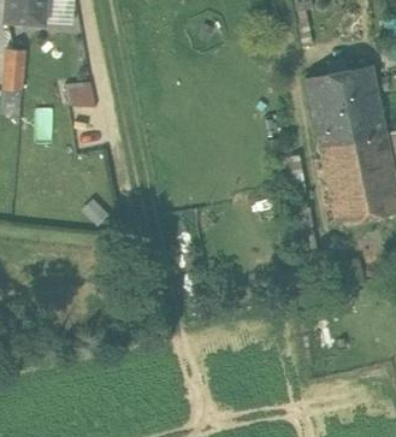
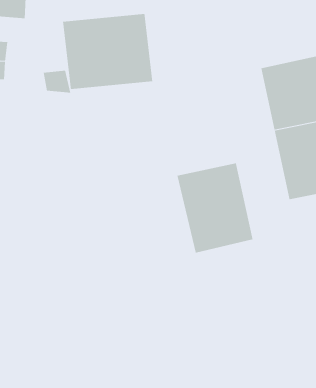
building: none -> [63,13,153,90]
building: none -> [177,162,253,253]

